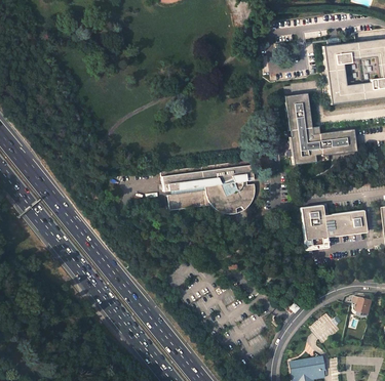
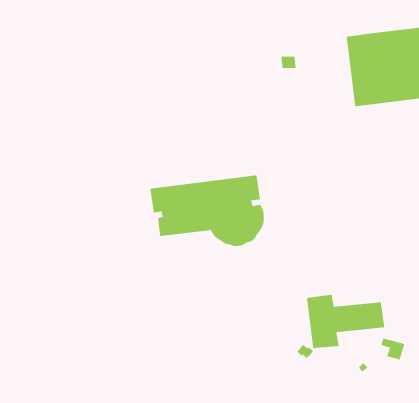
building: [283,93,355,165] -> none
building: [301,204,367,249] -> [306,294,385,349]

